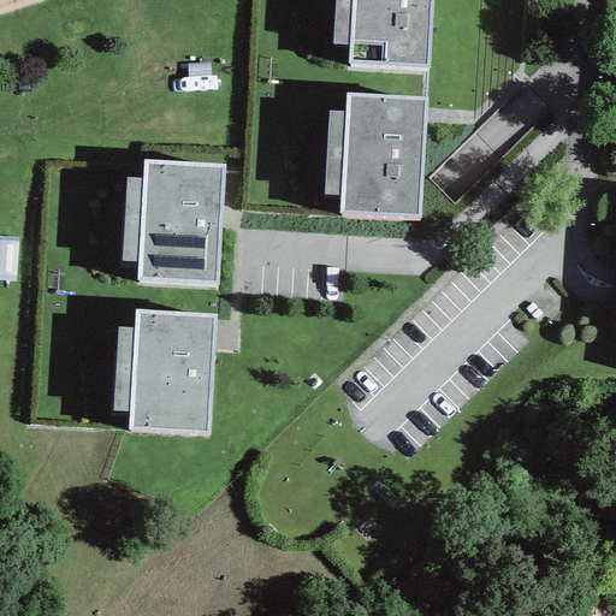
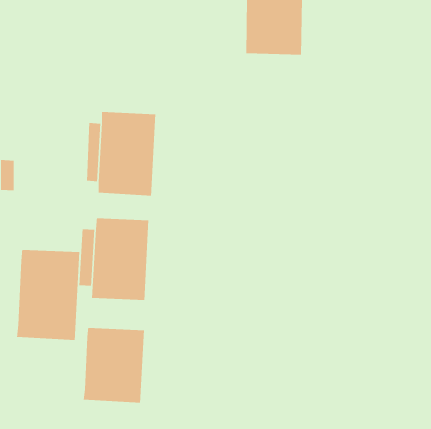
building: [338,108,425,219] -> none
building: none -> [16,249,80,341]
building: none -> [83,327,145,403]

